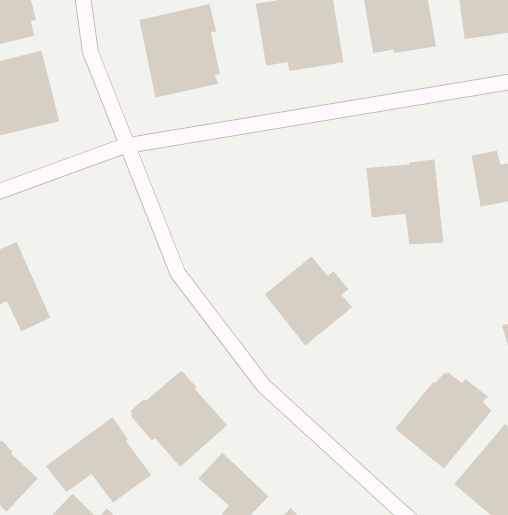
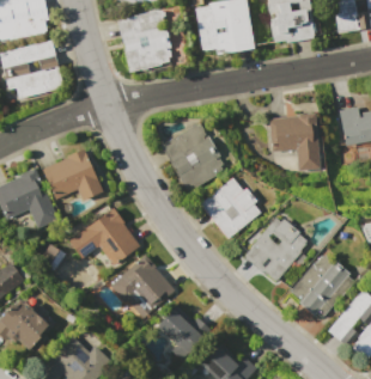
building: none -> [160,123,224,191]
building: none -> [43,148,104,200]
building: none -> [243,216,310,283]
building: [45,416,152,504] -> [68,207,140,265]

